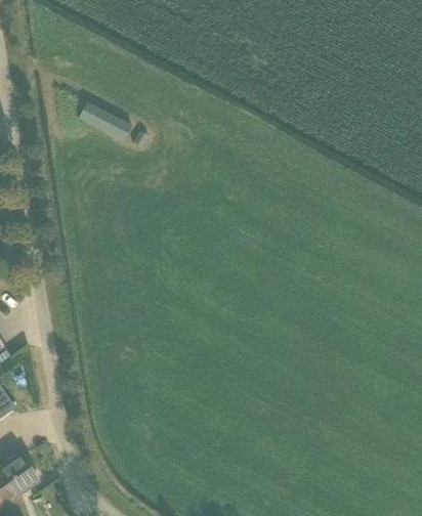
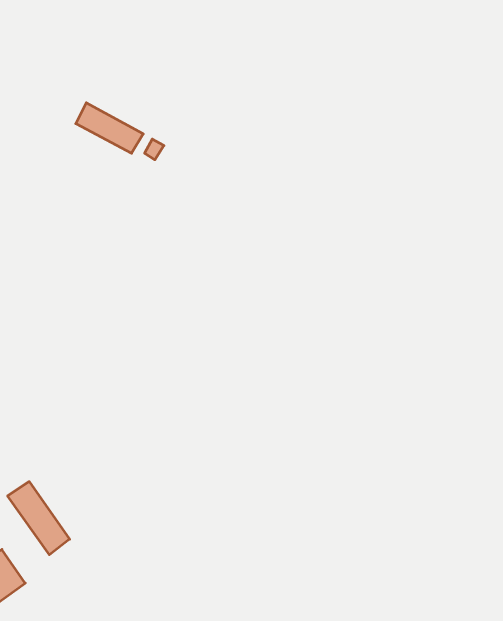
building: none -> [8,482,70,555]

